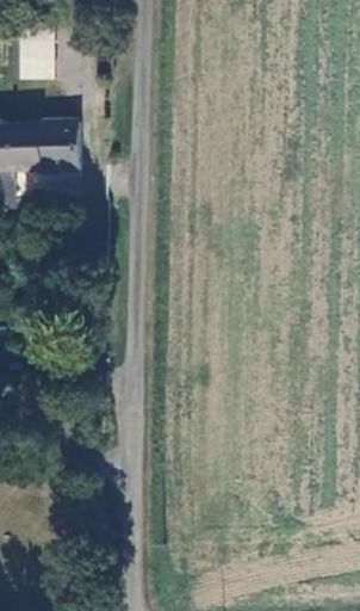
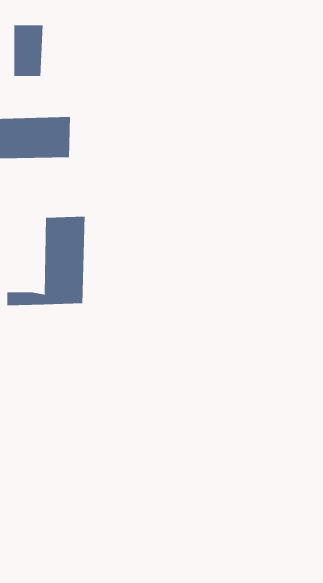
building: none -> [7,216,85,306]

